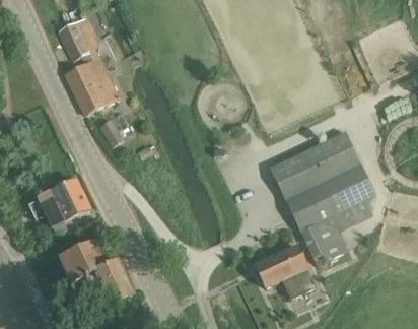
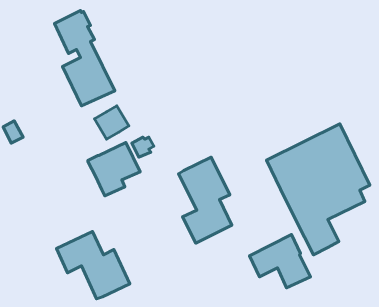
building: none -> [178,157,232,243]
building: [38,180,90,234] -> [88,143,140,196]

